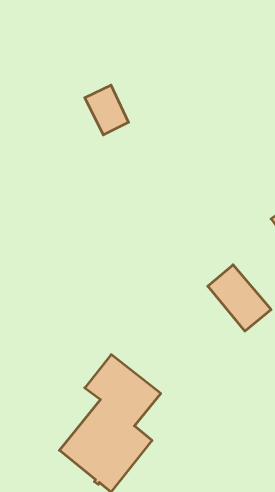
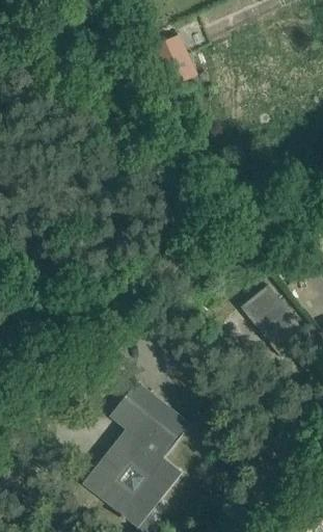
building: [85,85,129,135] -> [150,34,196,87]

